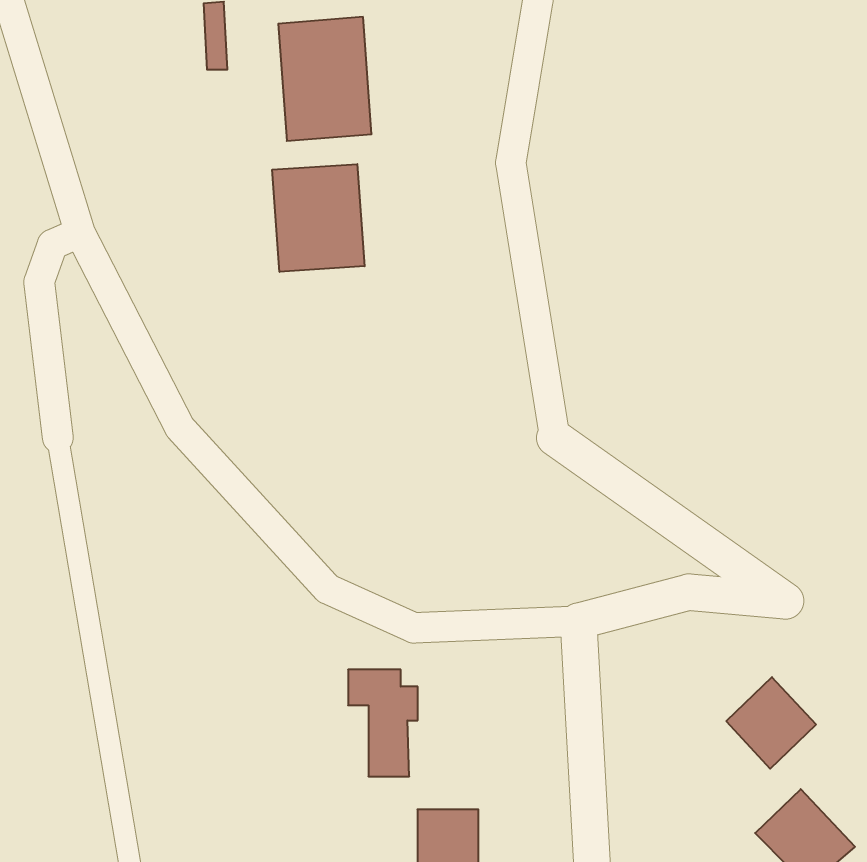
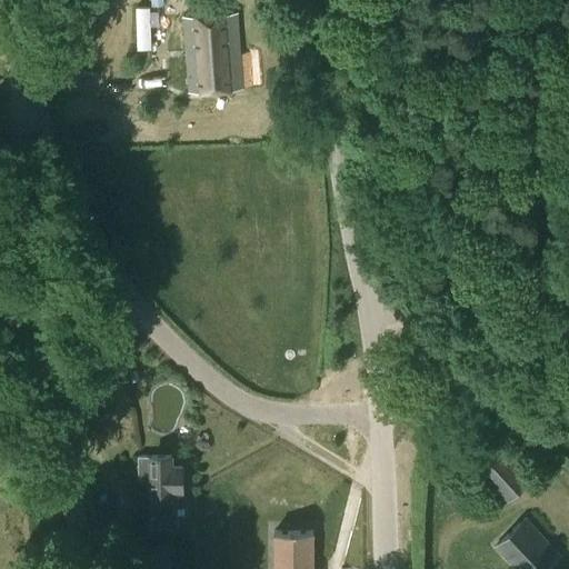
building: [272,164,365,272] -> none
building: [348,670,418,776] -> [138,458,183,528]

